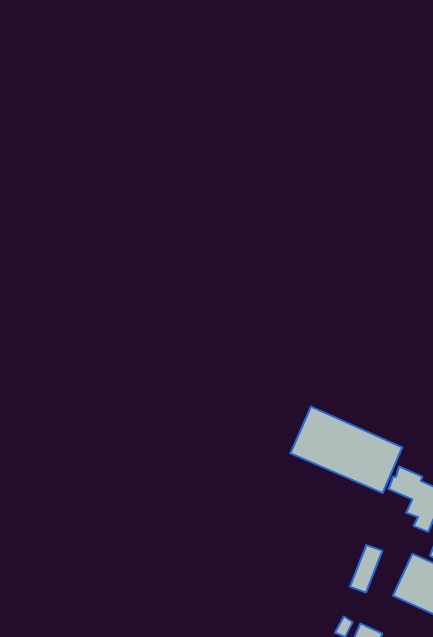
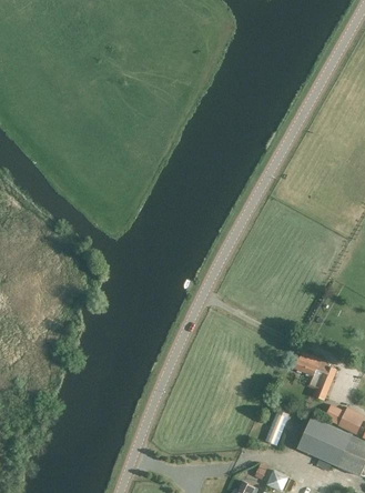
building: [290,406,402,493] -> none

